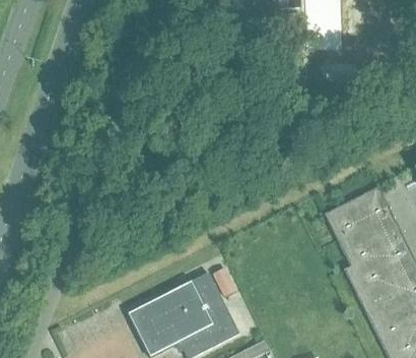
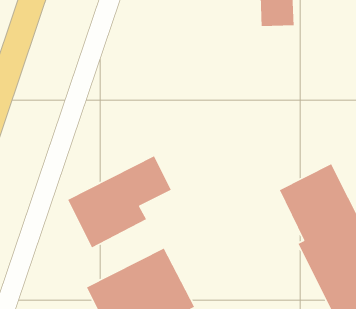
building: none -> [67,155,172,248]

